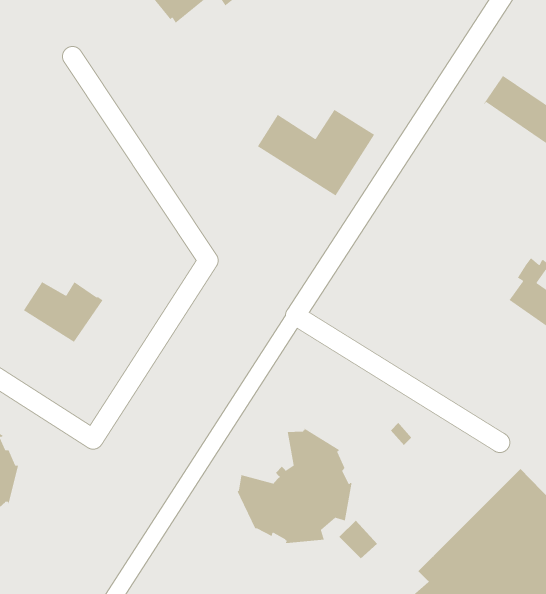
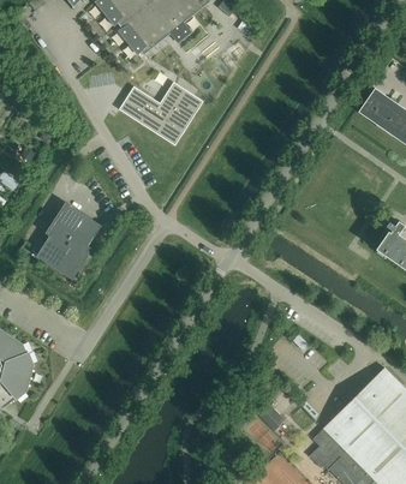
building: [257,109,375,196] -> [120,83,203,144]
building: none -> [46,202,102,246]
building: [236,427,353,544] -> none

